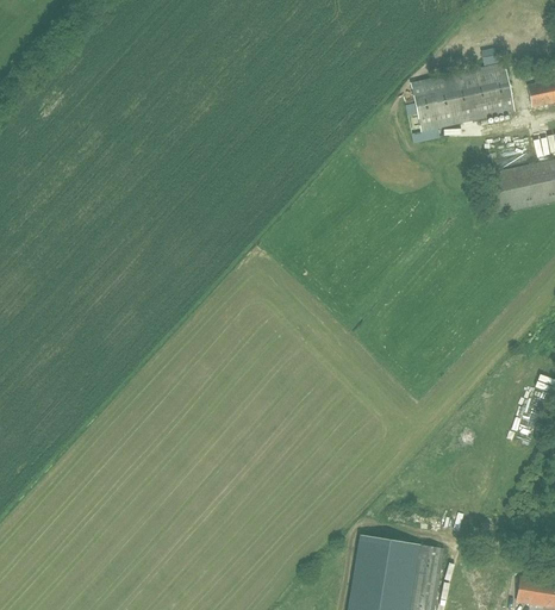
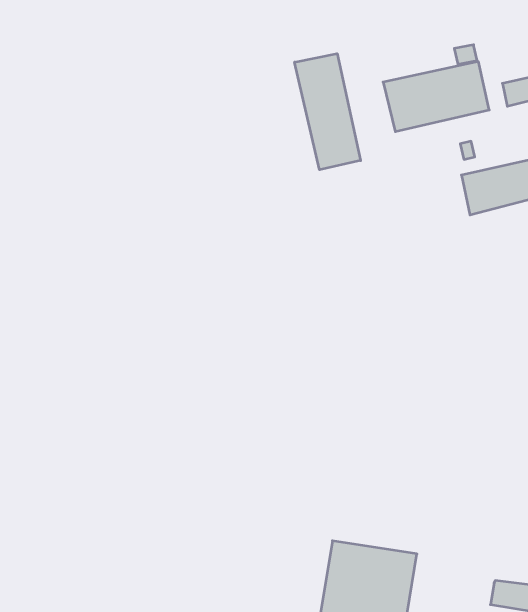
building: none -> [295,54,361,170]

